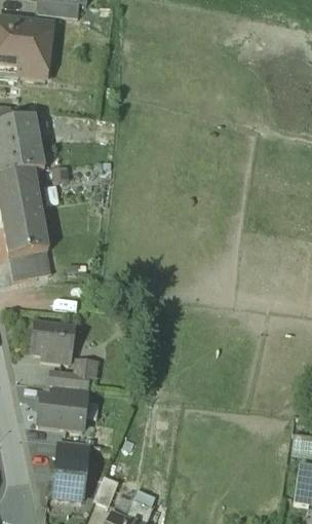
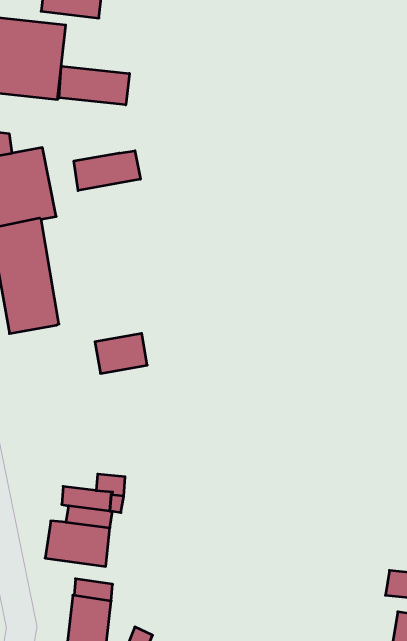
building: none -> [59,66,129,105]
building: none -> [74,151,140,191]
building: [11,249,50,278] -> [95,333,147,373]
building: [33,322,74,362] -> none

